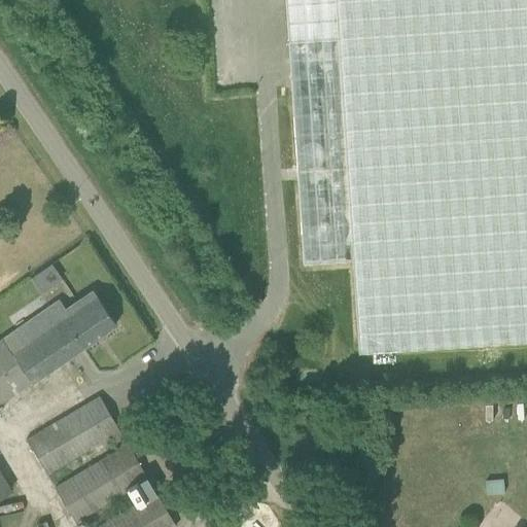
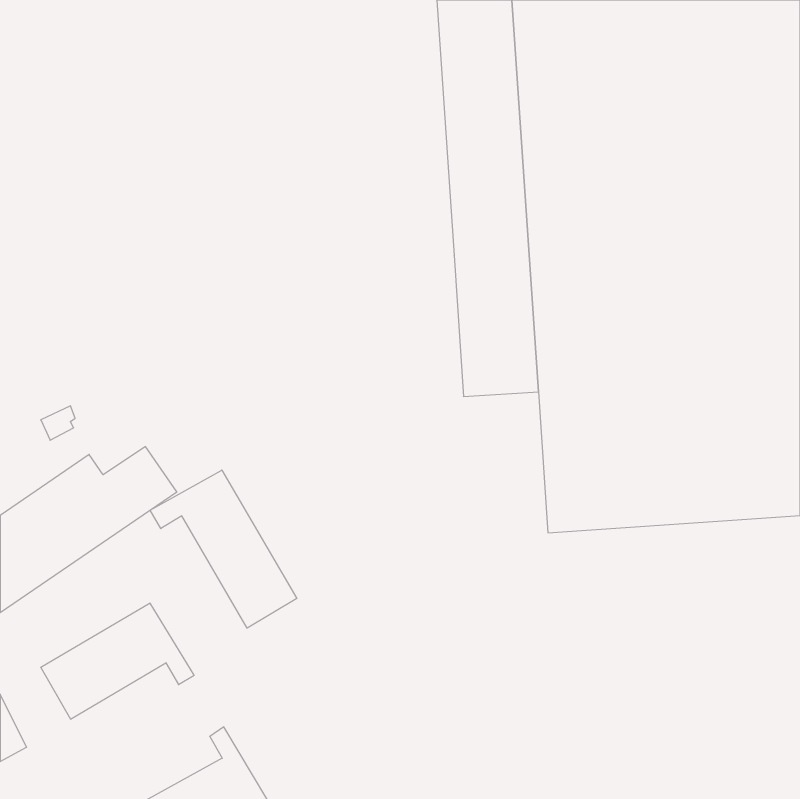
building: none -> [150,470,297,628]
building: [55,445,147,522] -> none

